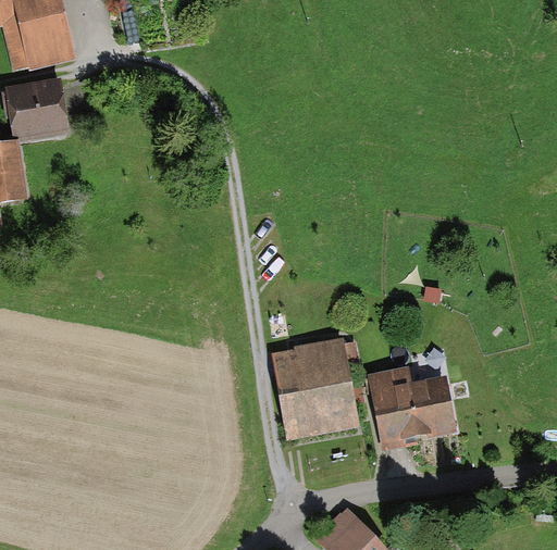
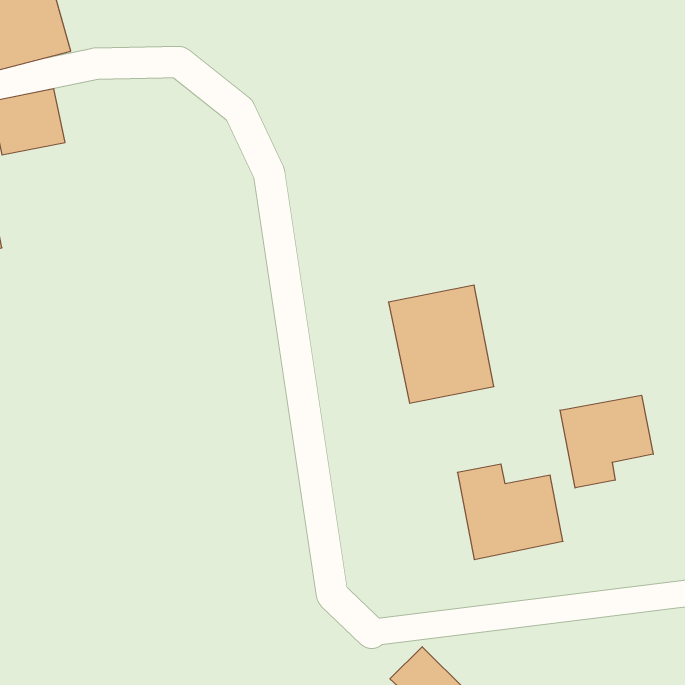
building: none -> [560,395,653,488]
building: [274,343,356,435] -> [388,285,494,403]

